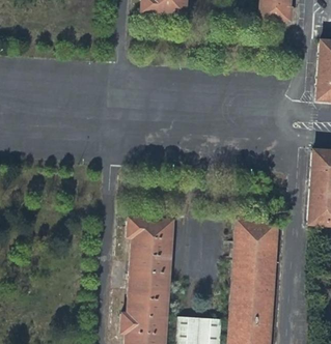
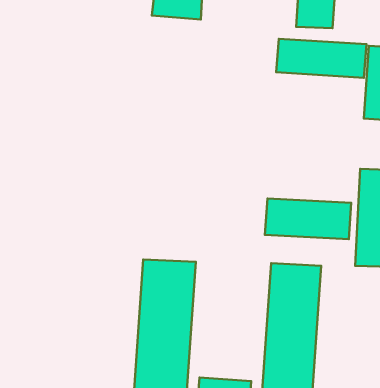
building: none -> [276,39,367,78]
building: none -> [265,198,351,239]

